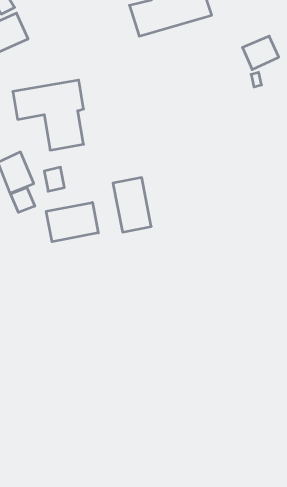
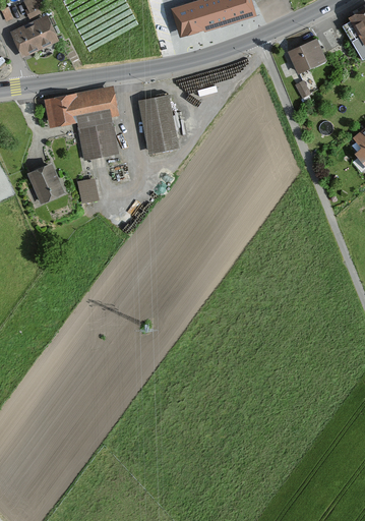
building: [113,178,151,232] -> [138,96,179,154]
building: [10,188,35,212] -> none
building: [46,202,98,242] -> none

